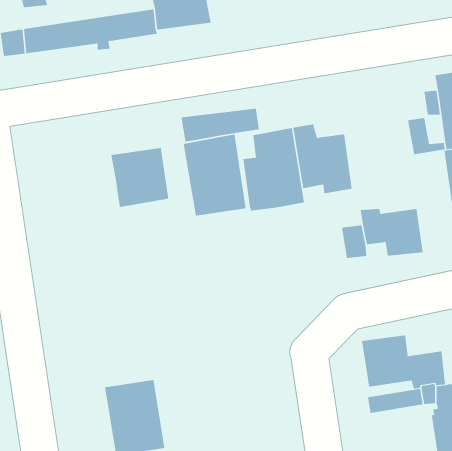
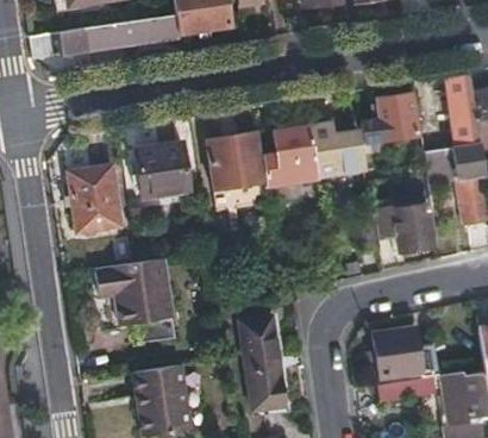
building: none -> [358,95,418,157]
building: [181,108,259,142] -> none
building: none -> [65,168,119,234]
building: none -> [93,256,173,343]
building: none -> [238,313,286,407]

